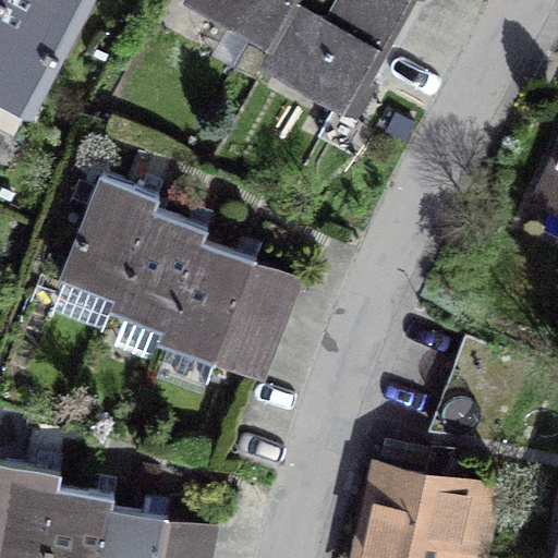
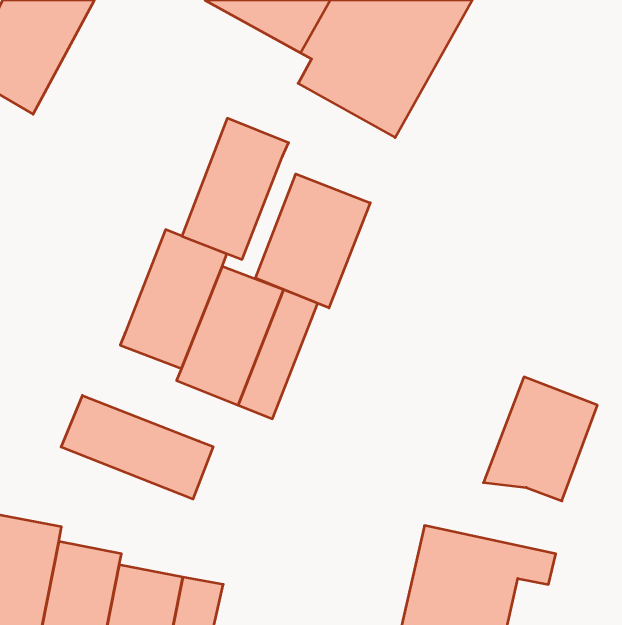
building: none -> [255,174,370,308]
building: [58,172,153,298] -> [182,118,289,259]
building: none -> [61,395,213,499]

